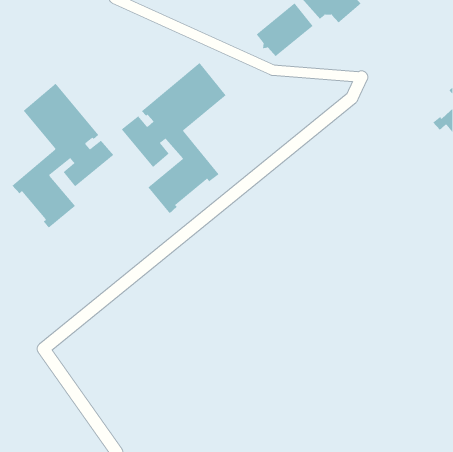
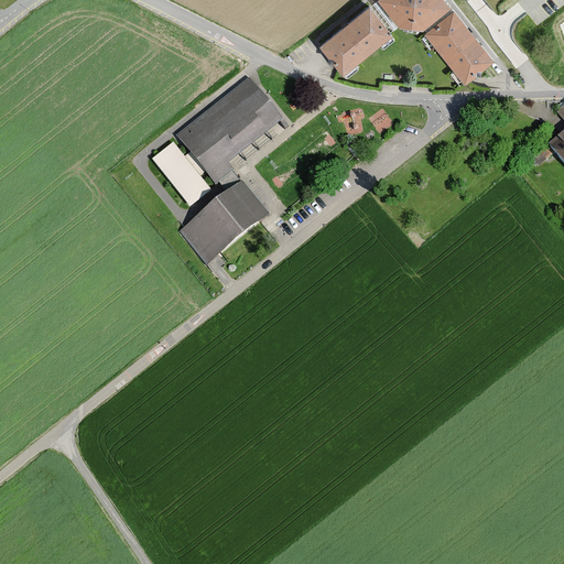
building: none -> [423,9,491,80]
building: [11,83,114,229] -> none

